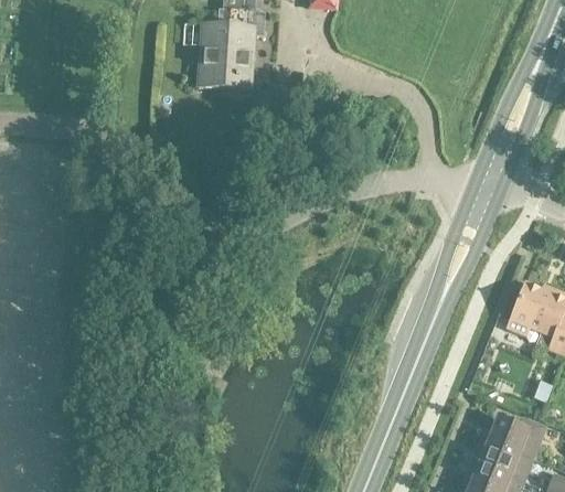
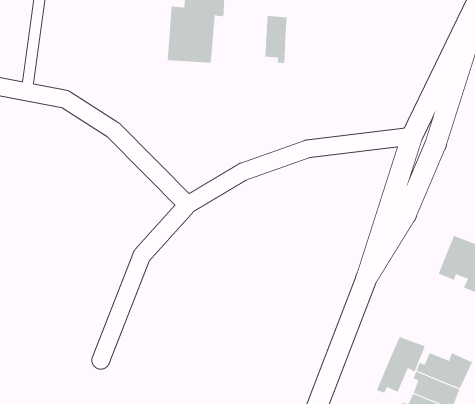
building: none -> [265,15,287,64]
building: none -> [376,336,426,394]

